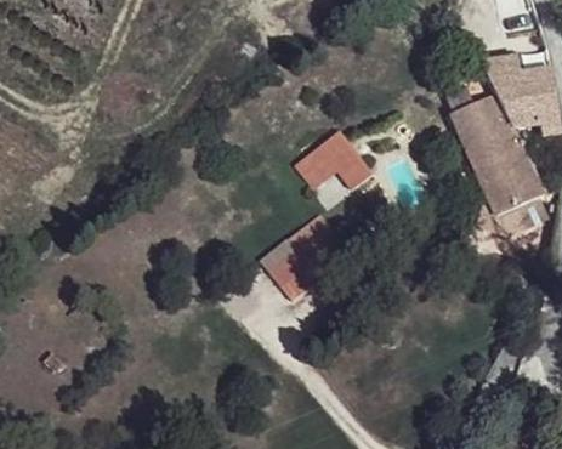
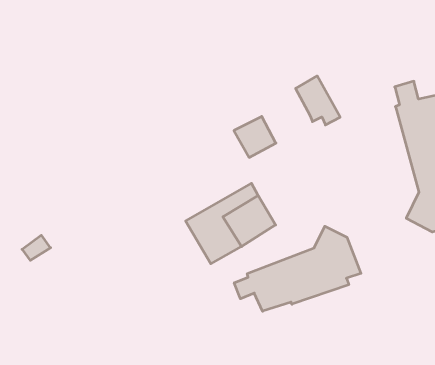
building: [319,129,368,176] -> [296,76,340,125]
building: none -> [234,226,361,311]

